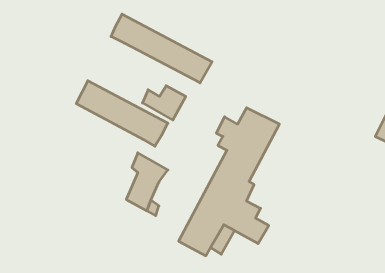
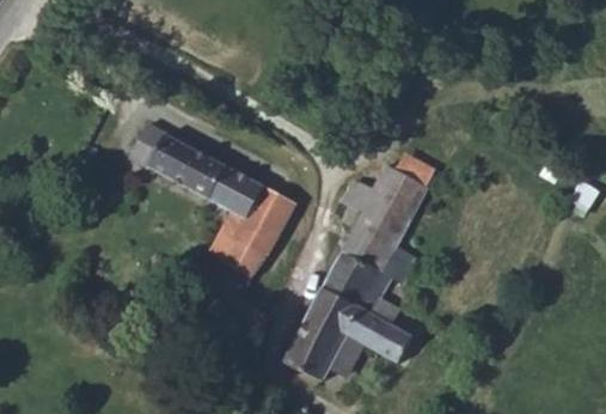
building: [111,14,212,83] -> none
building: [142,86,186,120] -> [224,203,287,254]

